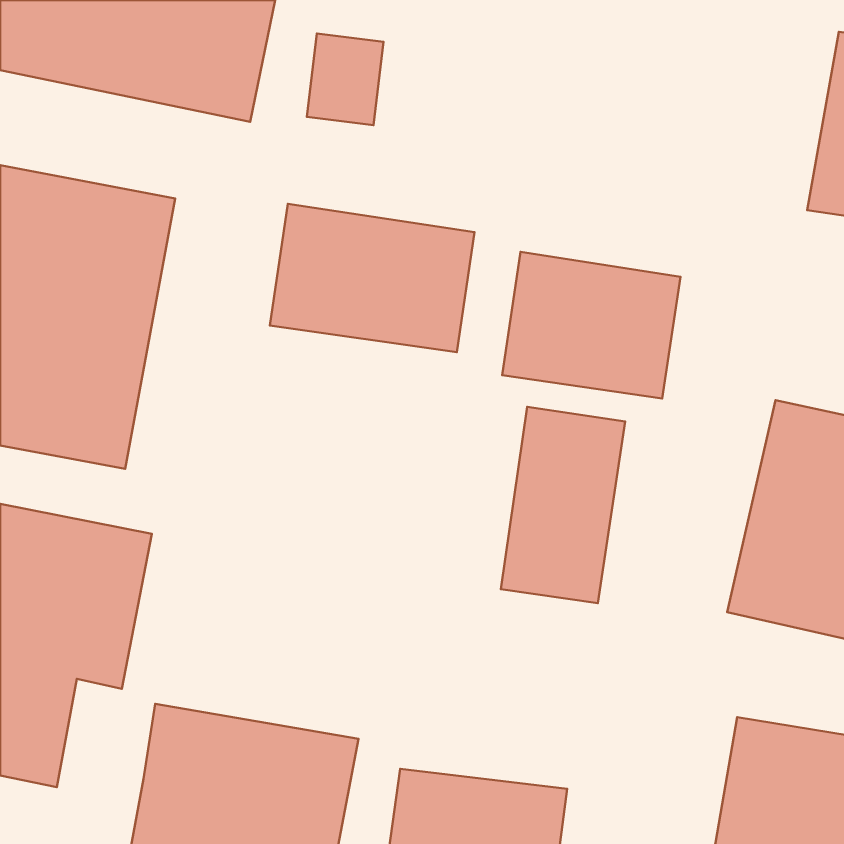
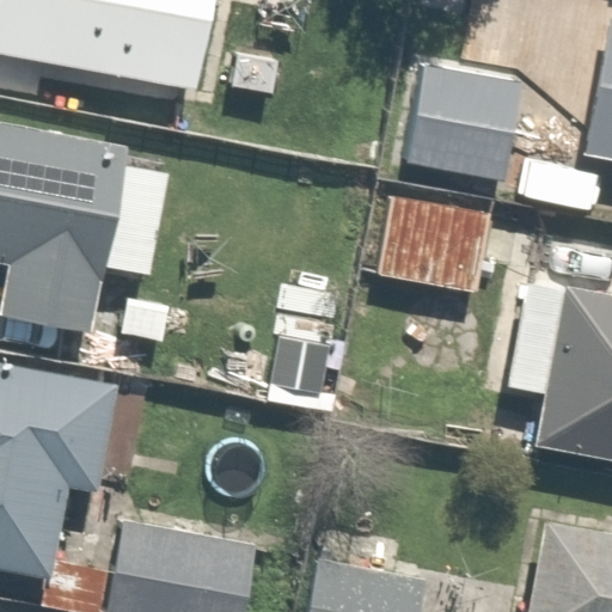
building: none -> [404,61,519,178]
building: [270,204,475,352] -> none
building: [501,407,625,603] -> none

